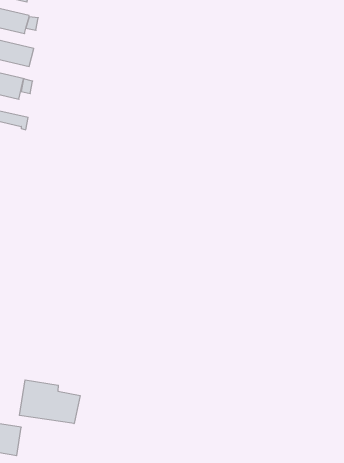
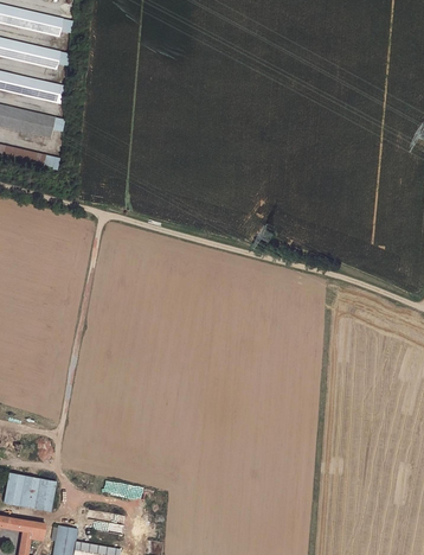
building: [19,380,80,424] -> none

